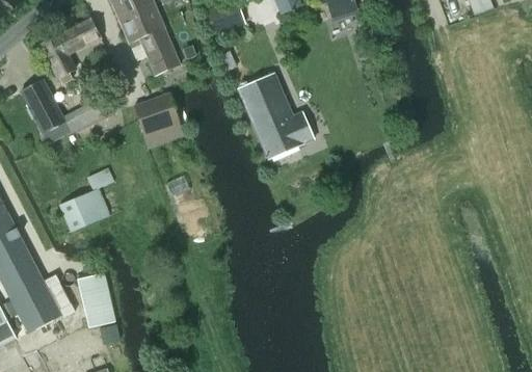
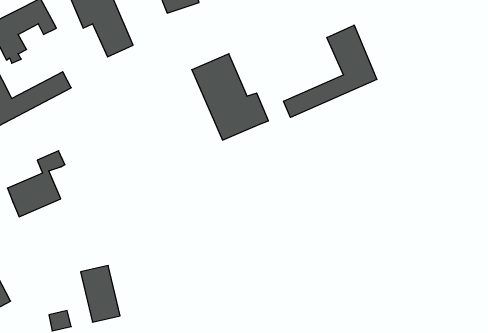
building: none -> [284,25,377,117]
building: [135,91,183,145] -> none
building: [77,271,115,326] -> [81,266,120,322]

